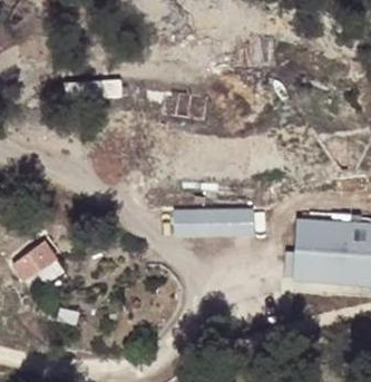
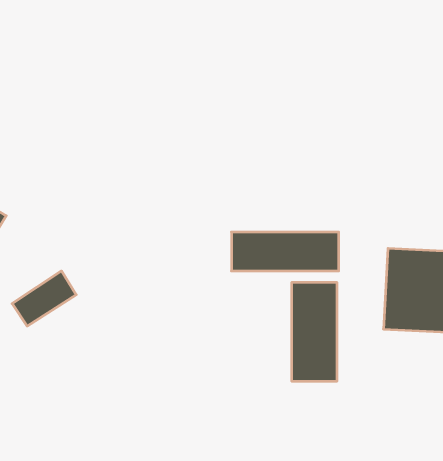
building: none -> [292,282,337,381]

